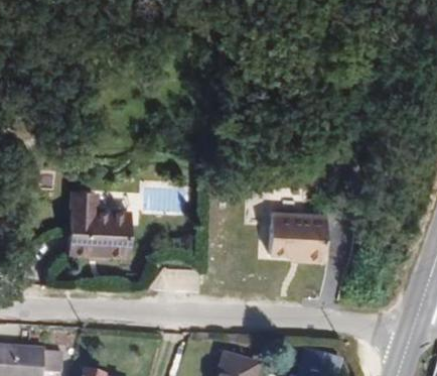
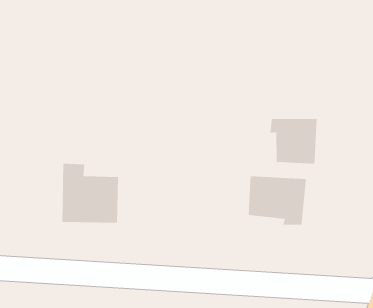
building: none -> [270,118,317,165]

